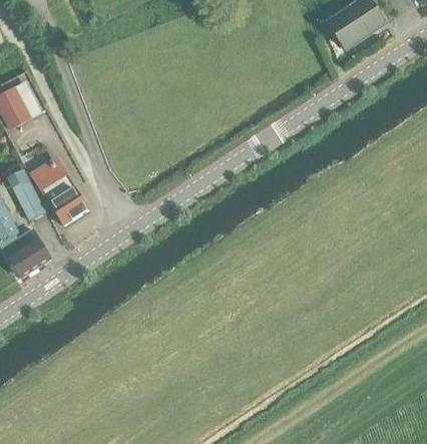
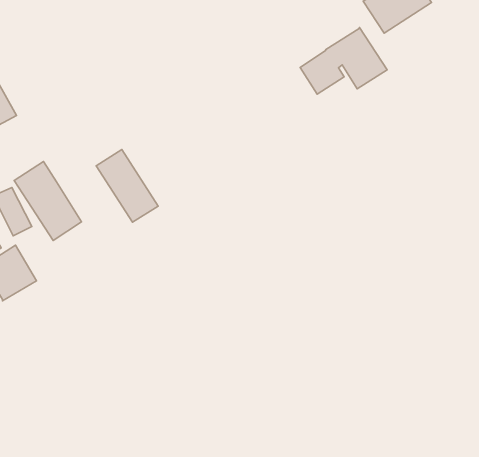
building: none -> [300,28,387,94]
building: none -> [96,150,158,222]

